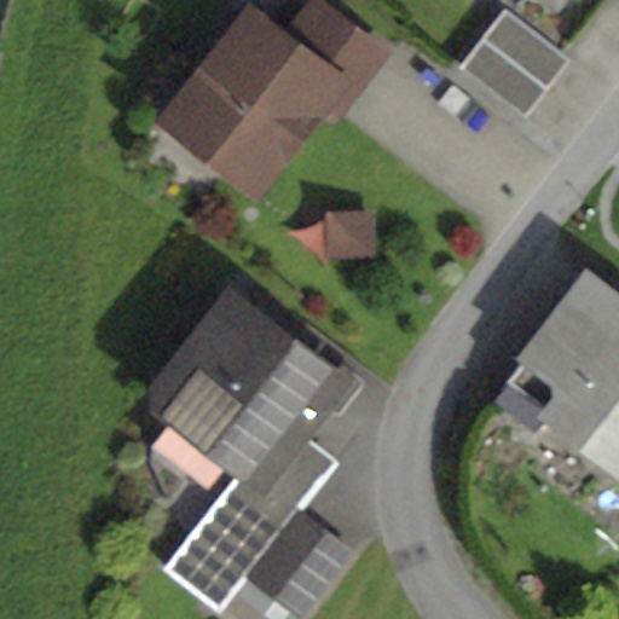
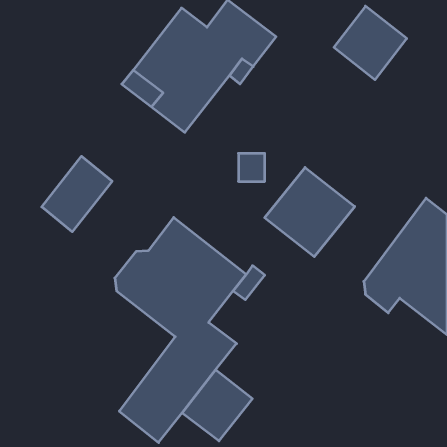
building: none -> [42,156,112,232]
building: none -> [265,167,355,257]

